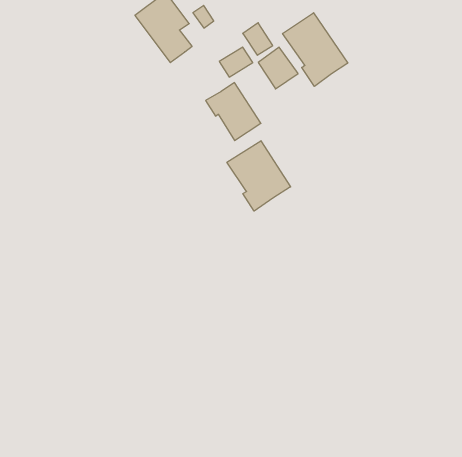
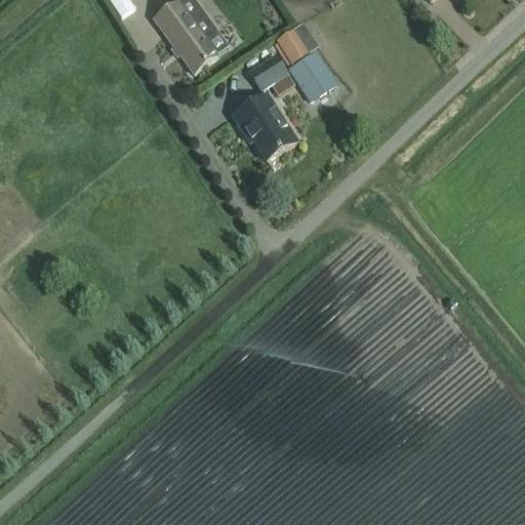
building: [283,13,348,86] -> none
building: [227,141,291,211] -> none

